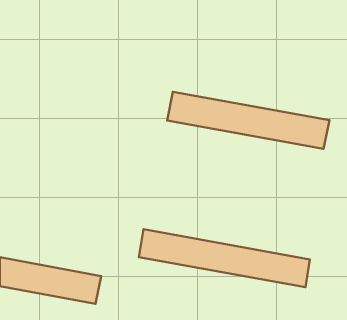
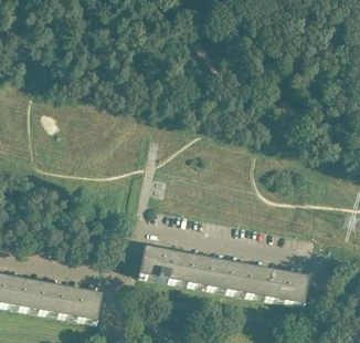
building: [167,92,329,149] -> none

